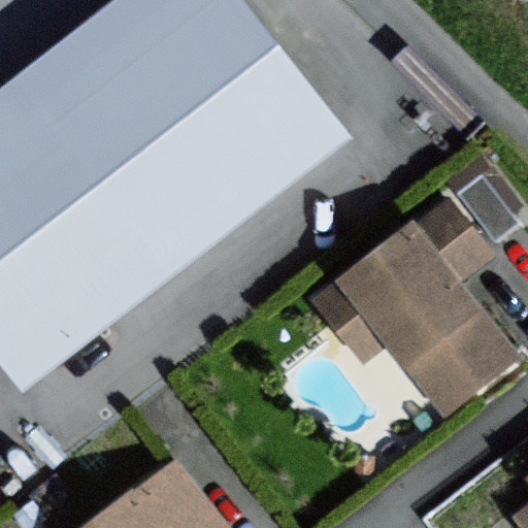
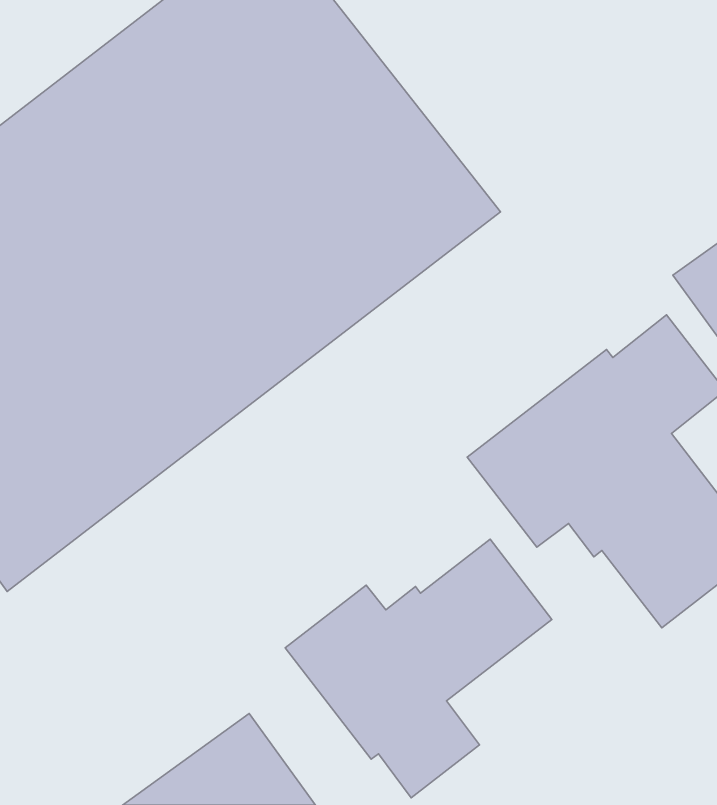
building: none -> [285,539,552,798]

